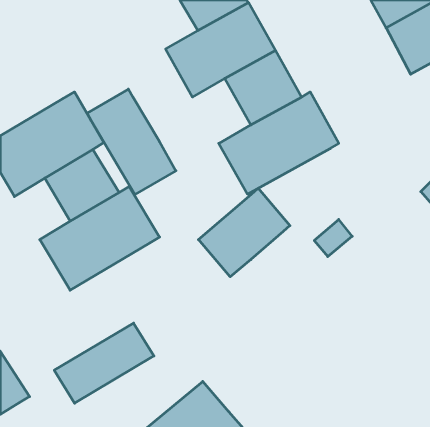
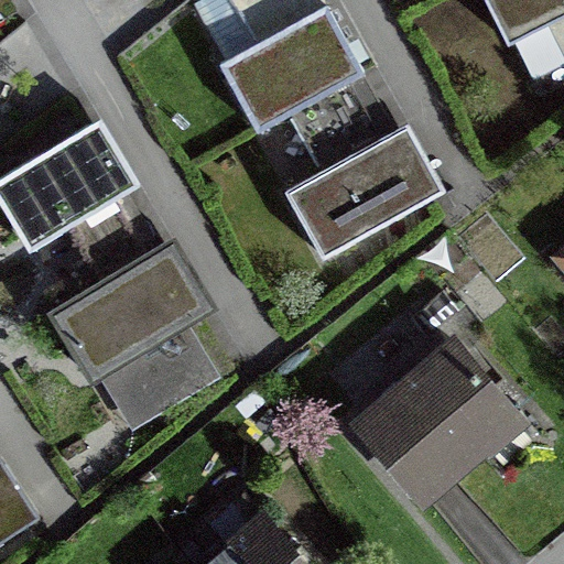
building: [87,89,176,194] -> none
building: [198,188,290,277] -> none
building: none -> [351,327,533,503]
building: [54,323,154,403] -> [94,323,224,427]

